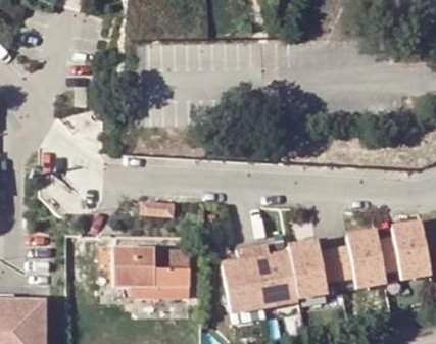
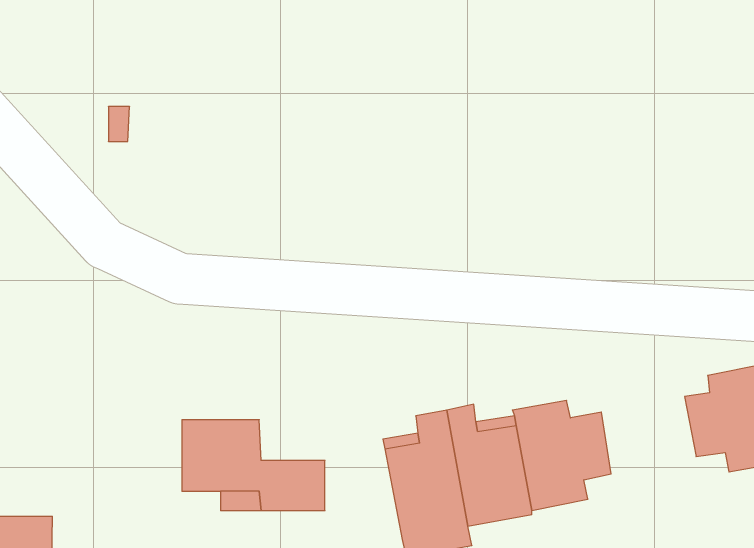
building: [335,228,387,286] -> none

